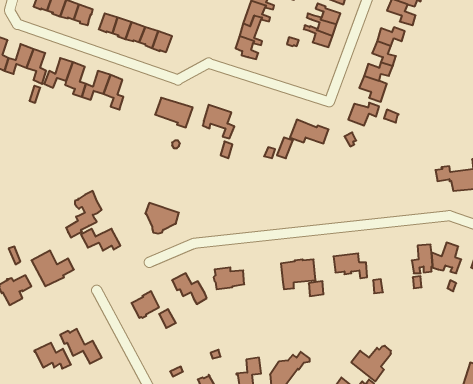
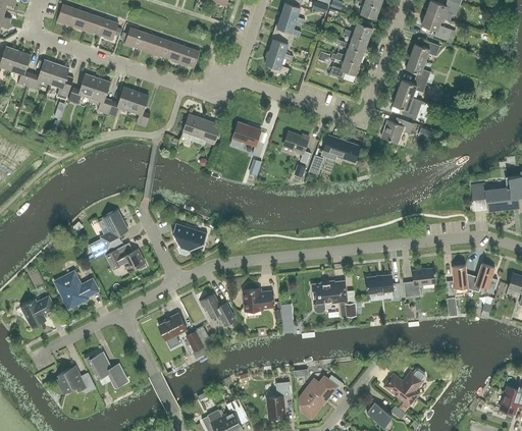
building: none -> [329,52,361,78]
building: none -> [283,131,310,163]
building: none -> [404,268,436,297]

